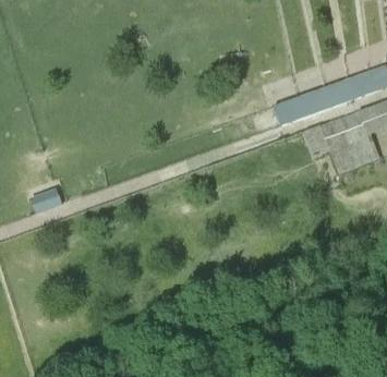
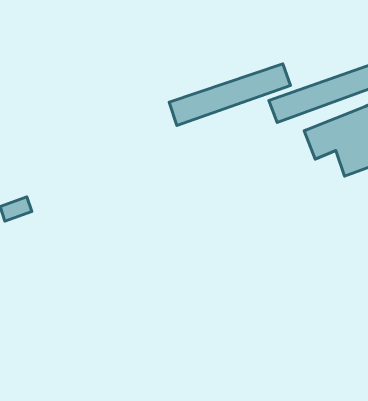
building: none -> [169,64,291,126]

